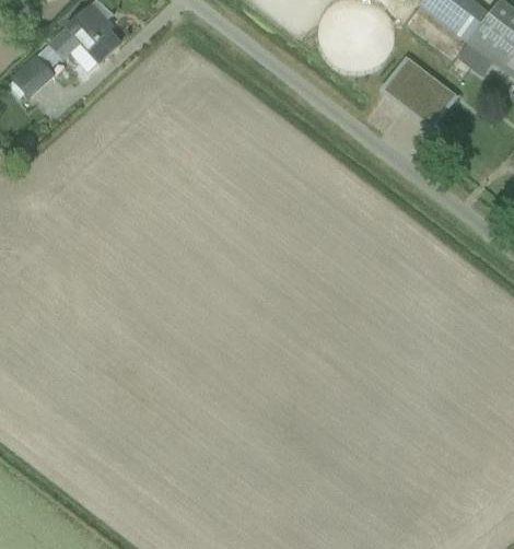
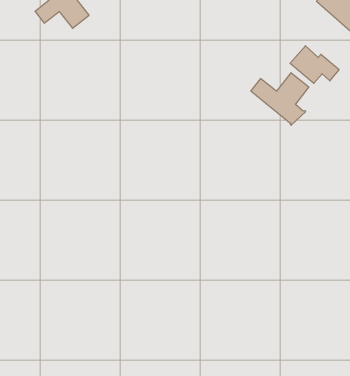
building: [13,56,54,96] -> none
building: none -> [251,73,309,125]

